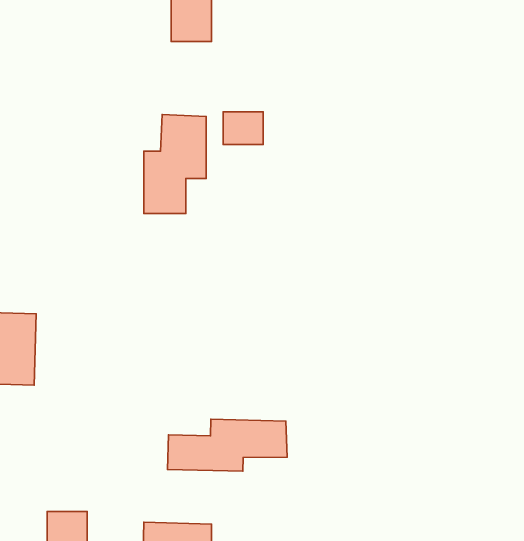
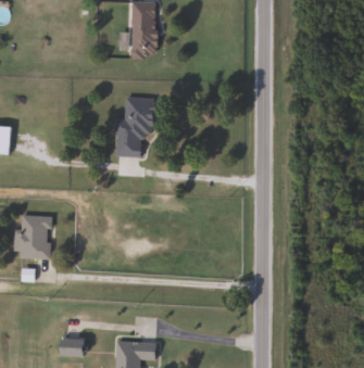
building: [223,112,263,145] -> none
building: [168,419,287,471] -> none

